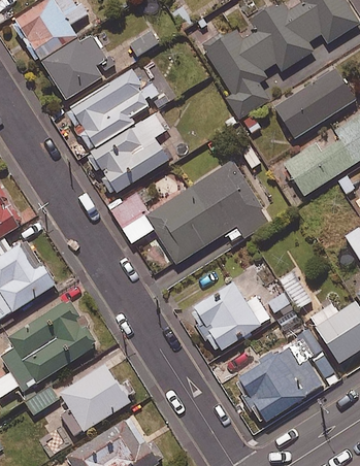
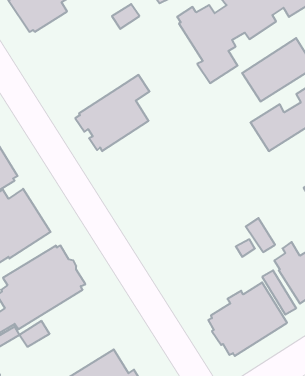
building: [40,33,114,100] -> none
building: [65,68,167,151] -> none
building: [106,157,271,263] -> none
building: [191,280,271,352] -> none
building: [57,362,131,436] -> none

